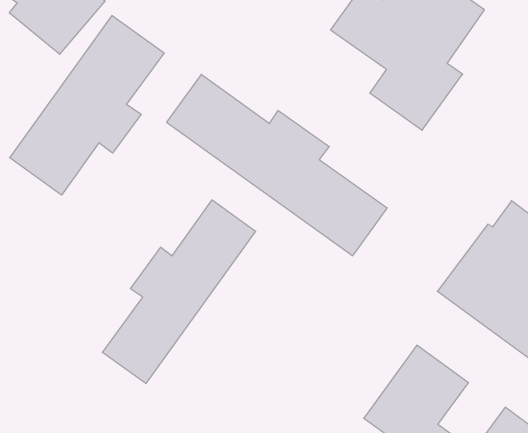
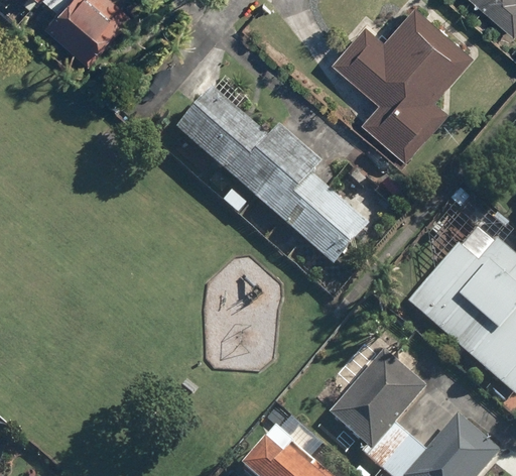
building: [10,16,164,195] -> none
building: [102,200,256,383] -> none

